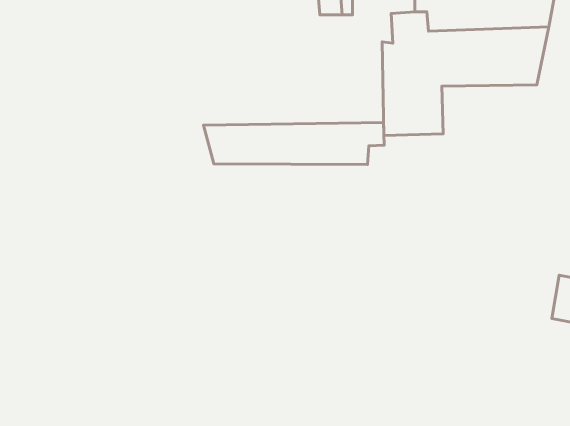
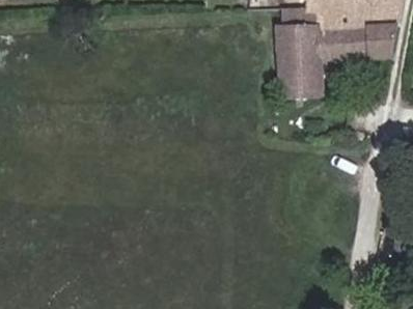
building: [203,122,384,164] -> none

